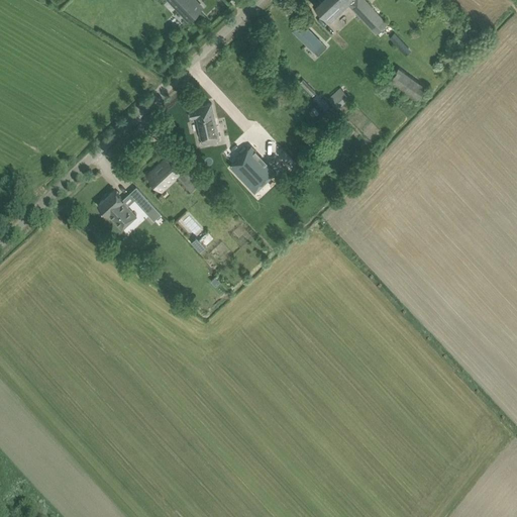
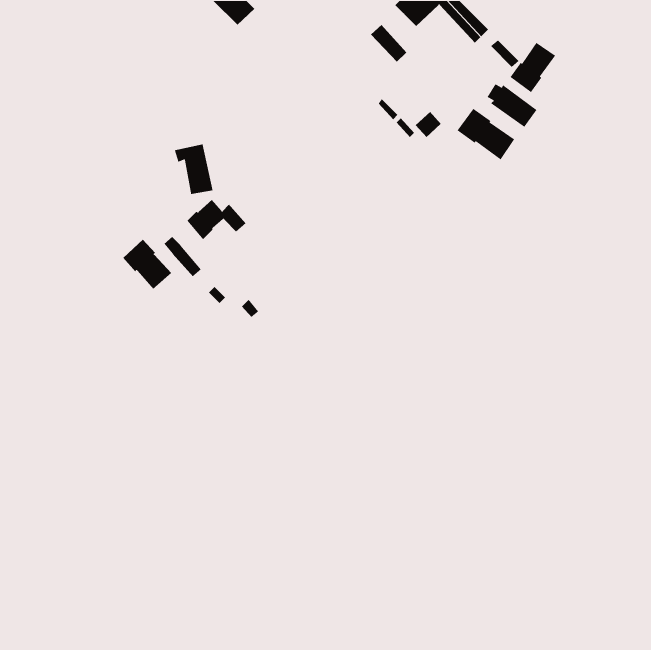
building: none -> [509,42,556,93]
building: none -> [456,108,515,160]
building: [188,105,219,145] -> [174,144,213,195]
building: [222,139,268,185] -> none

